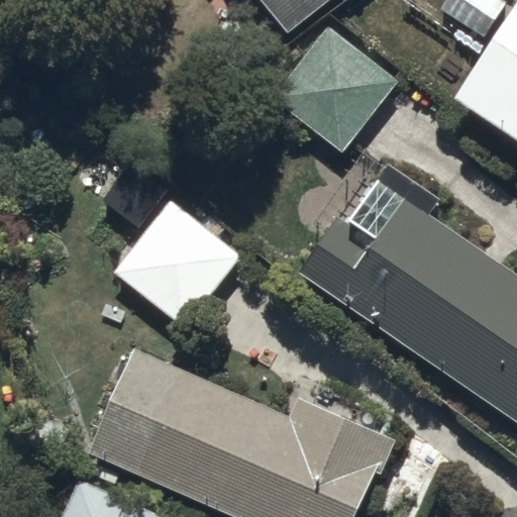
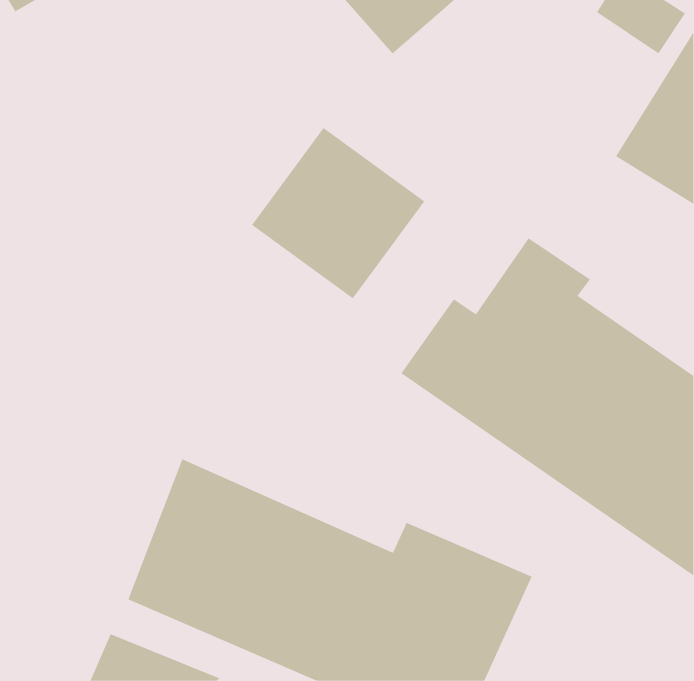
building: [273,27,402,156] -> [251,127,425,299]
building: [111,189,242,321] -> none

